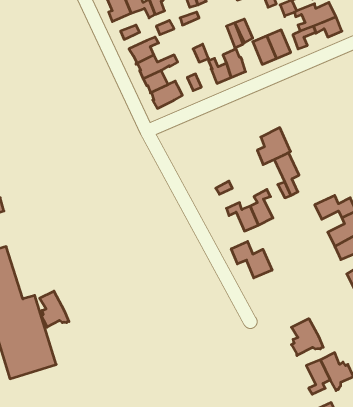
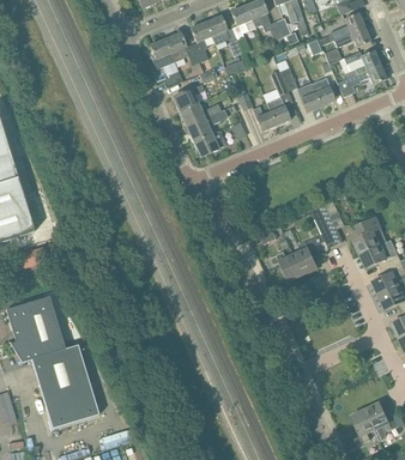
building: [257,128,291,165] -> [353,216,387,253]
building: [231,241,272,278] -> none
building: [40,291,69,327] -> none
building: [291,319,323,356] -> none

